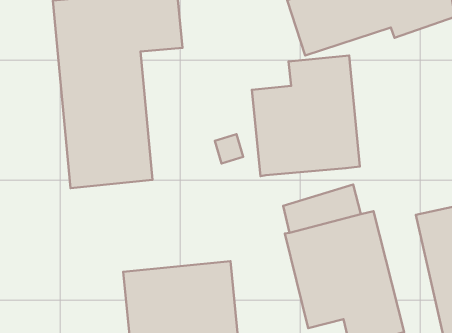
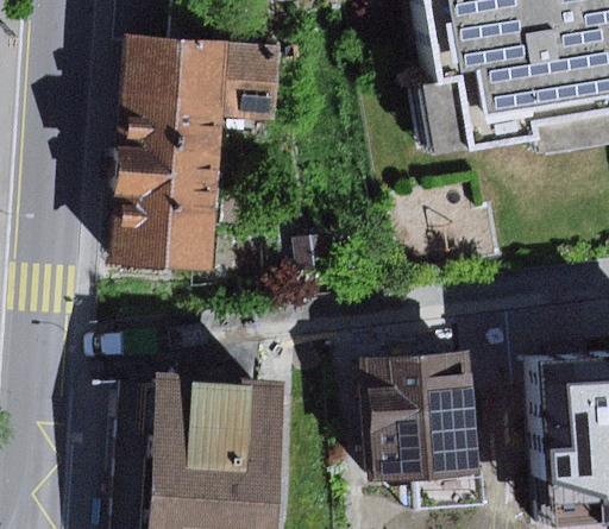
building: [252,56,360,176] -> none

